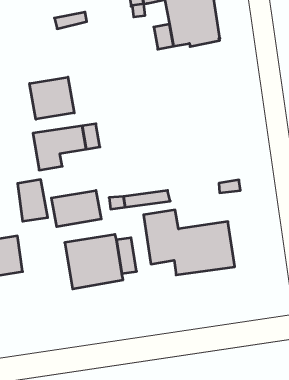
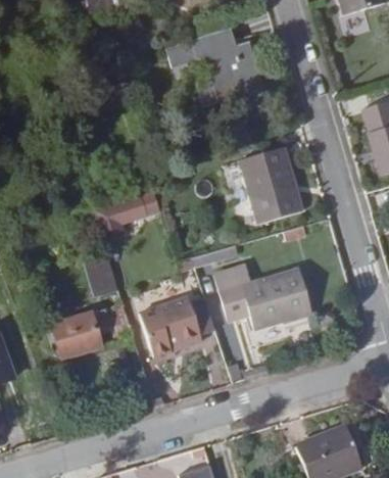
building: [30,77,74,119] -> none
building: none -> [239,145,302,224]
building: [51,190,101,227] -> none

